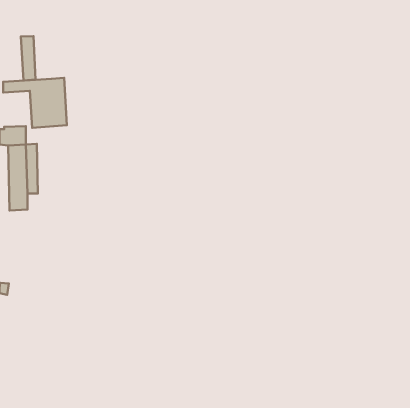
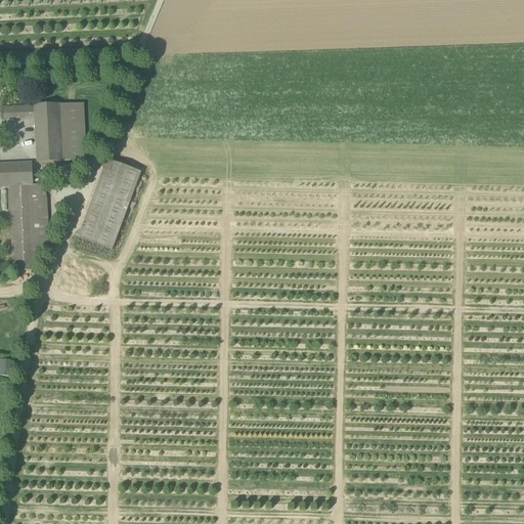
building: [21,36,36,81] -> none
building: none -> [77,158,139,248]

